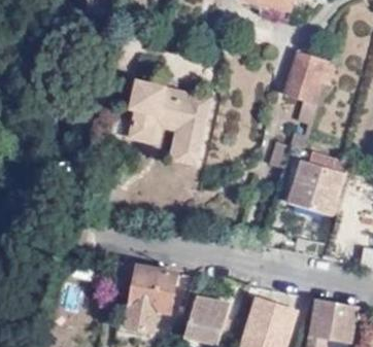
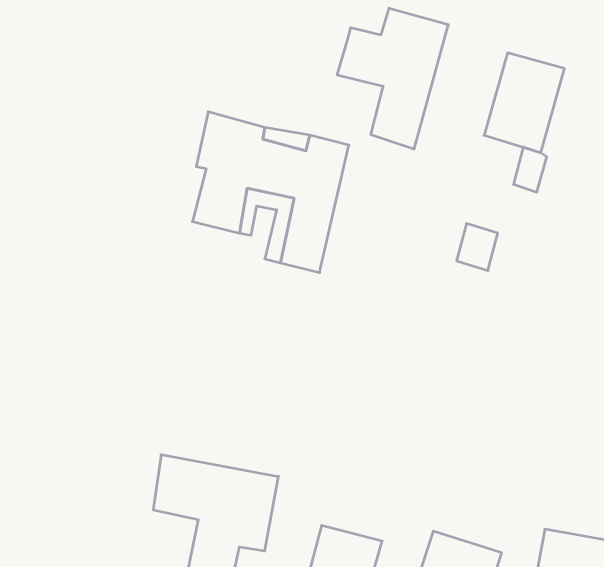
building: none -> [337,8,448,149]
building: [290,164,341,214] -> none

